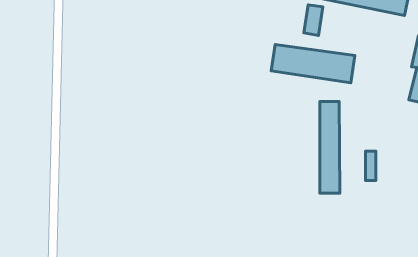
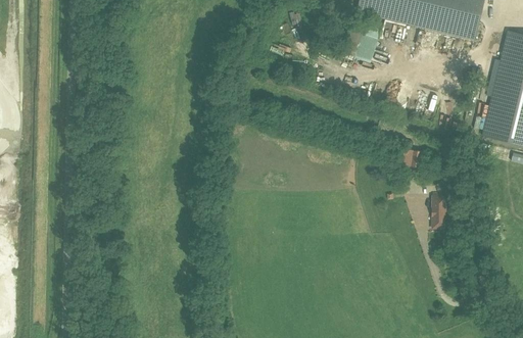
building: [271,45,355,83] -> none
building: [320,101,340,193] -> none

